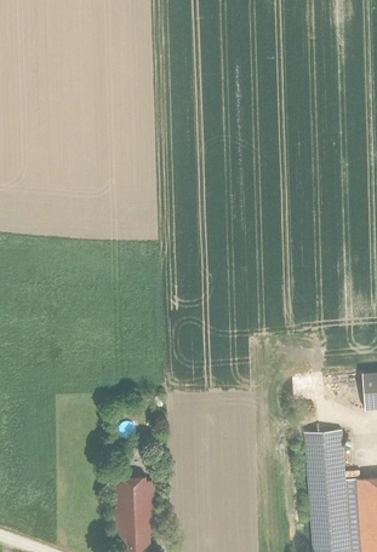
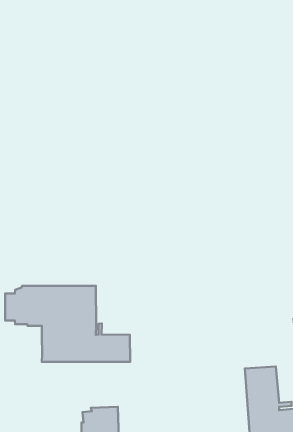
building: none -> [5,286,130,362]

